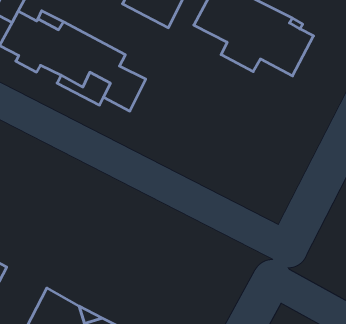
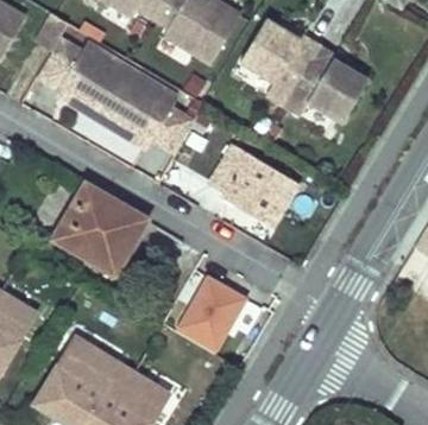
building: none -> [210,145,294,222]
building: none -> [54,183,145,266]
building: none -> [166,271,245,354]

